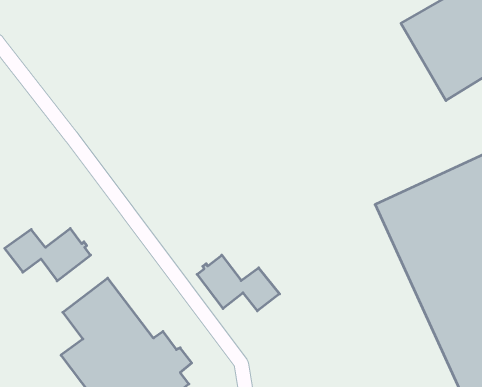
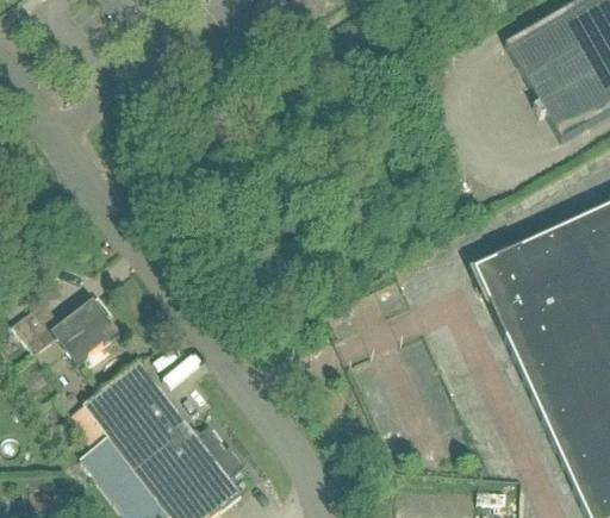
building: [197,255,280,311] -> none

